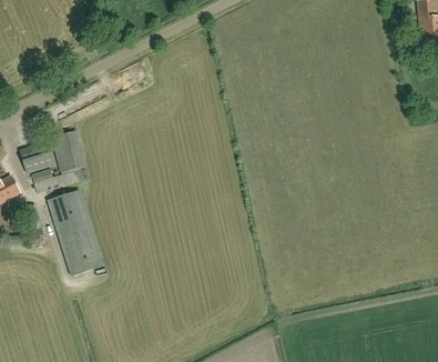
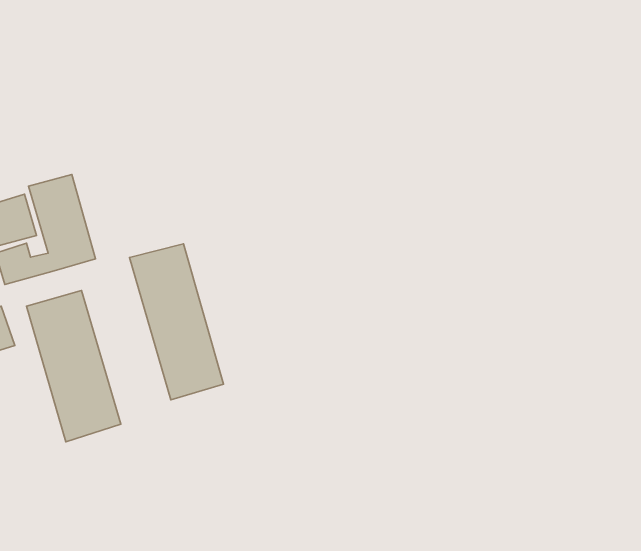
building: none -> [129,244,224,400]

